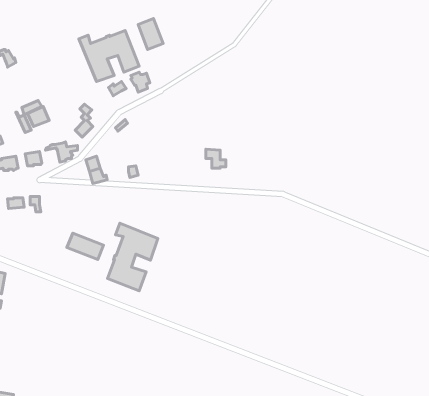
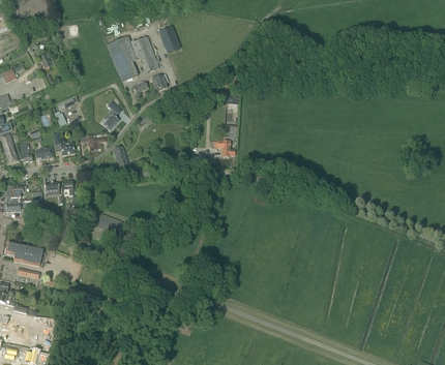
building: [108,223,158,291] -> none

